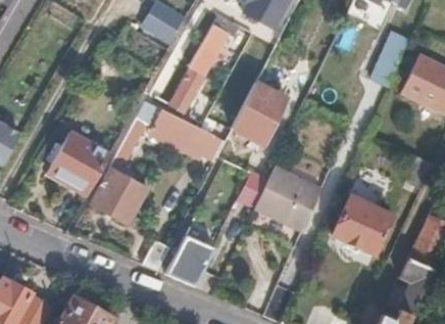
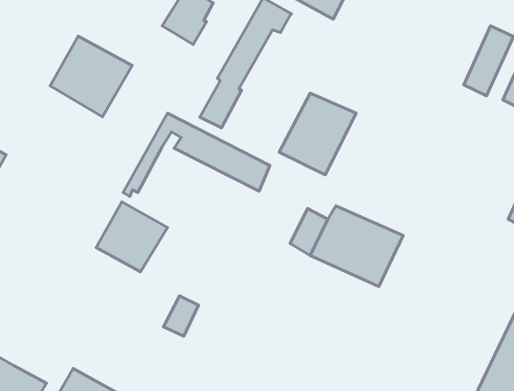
building: [49,130,111,191] -> [50,36,132,117]
building: [333,197,393,257] -> none
building: [167,233,216,286] -> none

